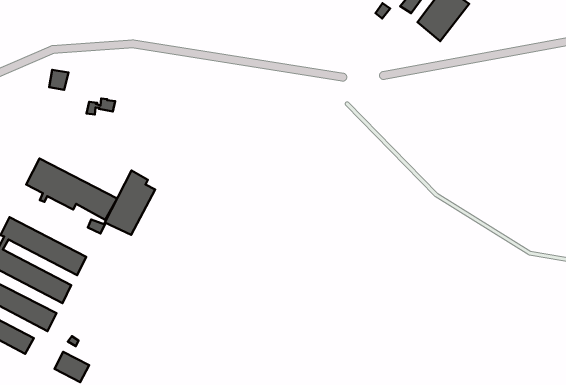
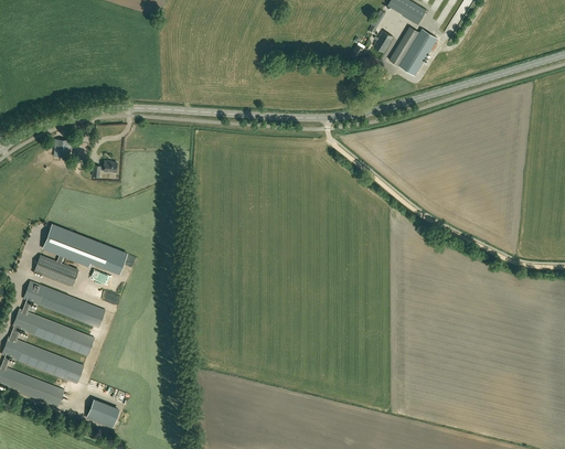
building: [105,170,155,235] -> none
building: none -> [34,255,78,286]

